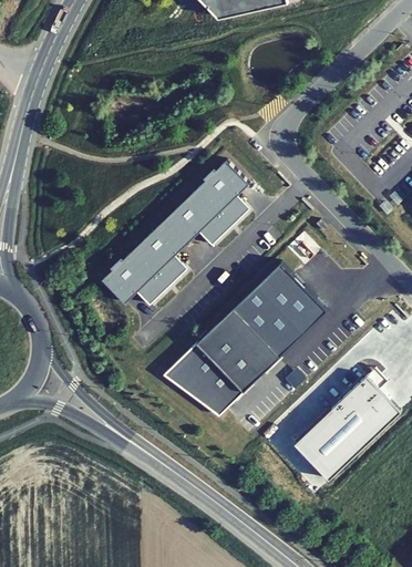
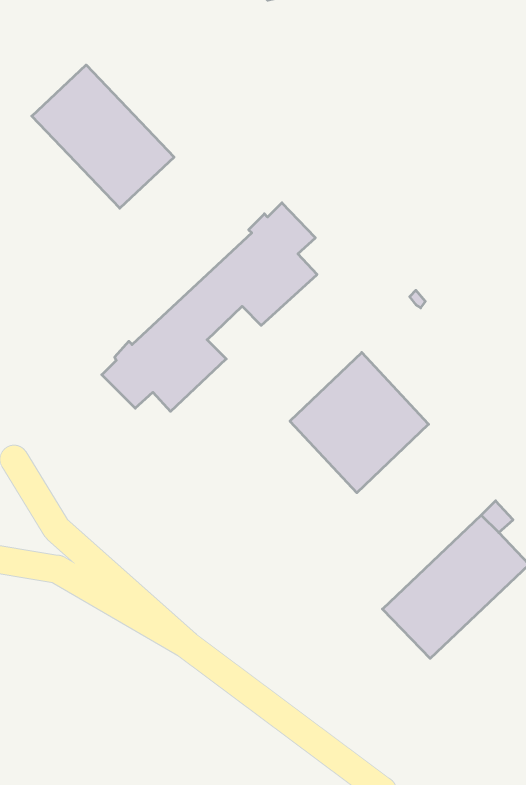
building: none -> [32,65,174,208]
building: [159,311,277,419] -> none

